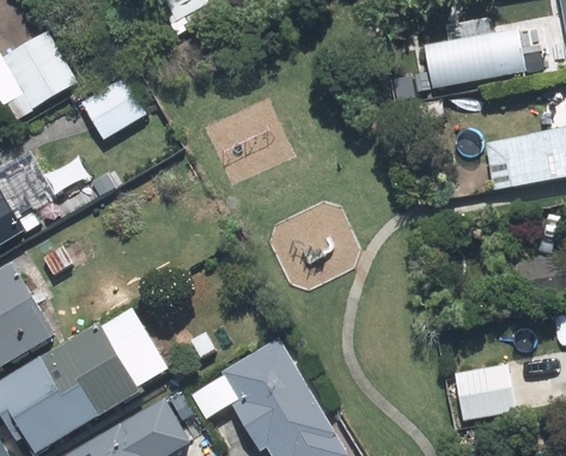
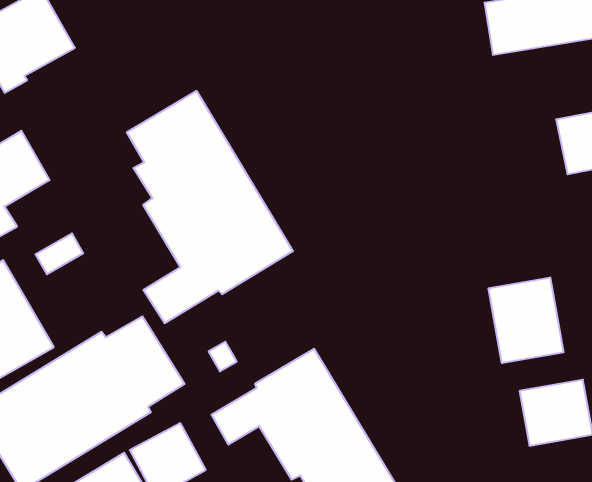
building: [81,78,144,138] -> none
building: none -> [127,91,293,323]
building: none -> [488,277,563,363]

